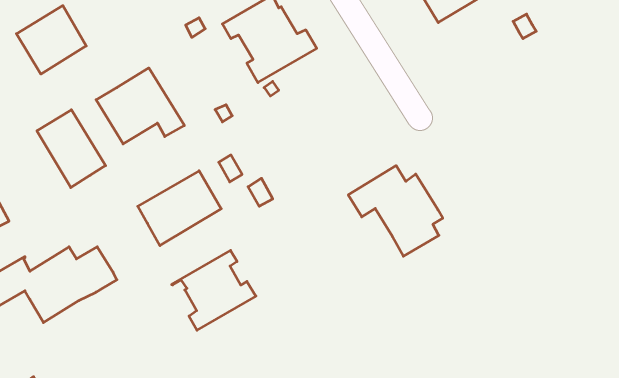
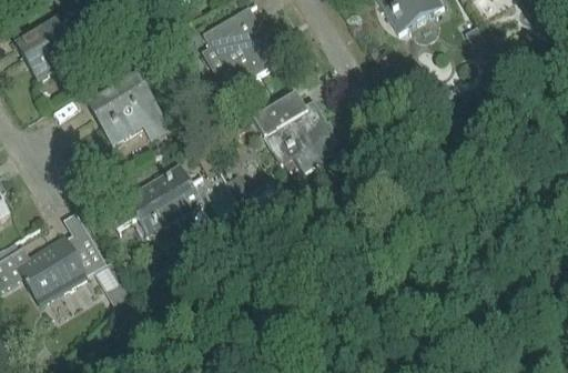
building: [37,110,106,188] -> none
building: [348,166,443,256] -> [252,91,337,173]
building: [172,250,256,330] -> none

